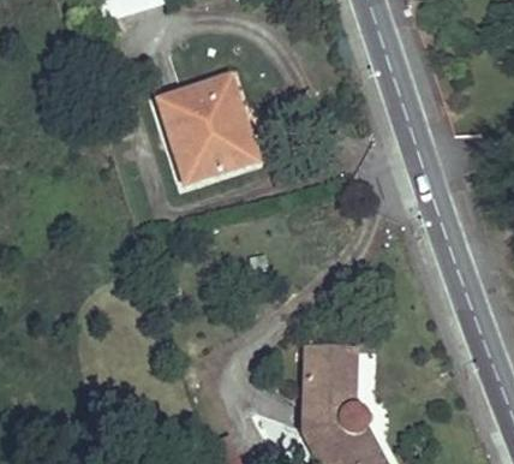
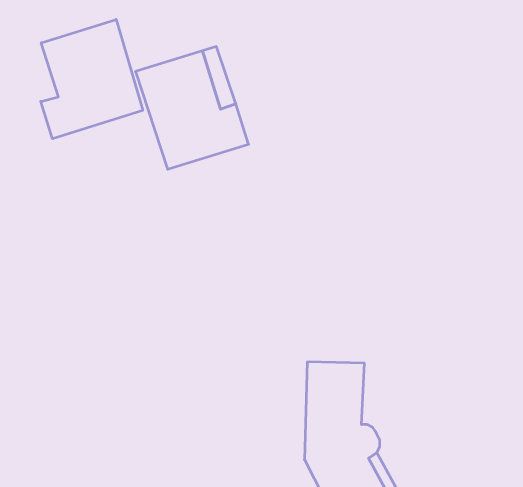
building: none -> [41,19,143,139]

